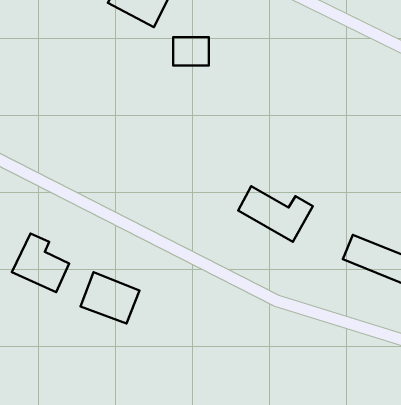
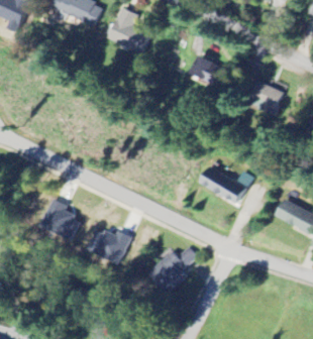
building: [173,37,209,66] -> [191,61,216,81]
building: none -> [248,82,281,105]
building: none -> [145,244,194,292]

